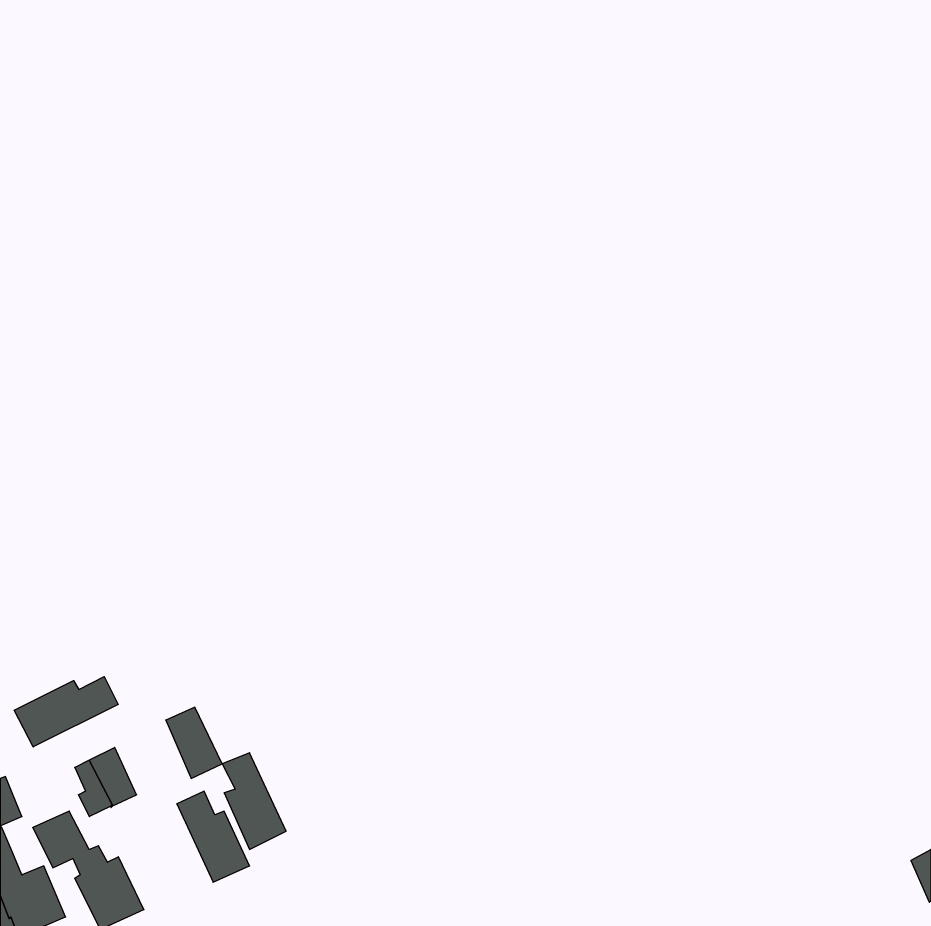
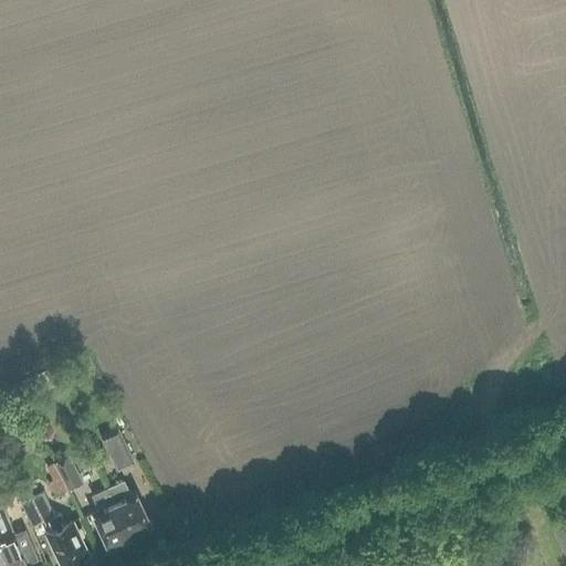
building: [14,677,118,747] -> none
building: [222,753,286,849] -> [91,491,129,549]

